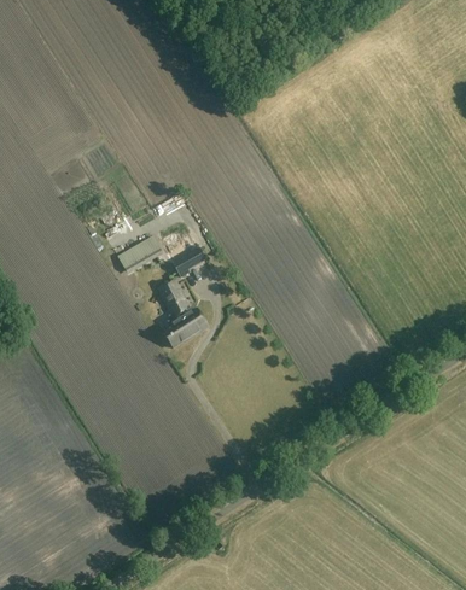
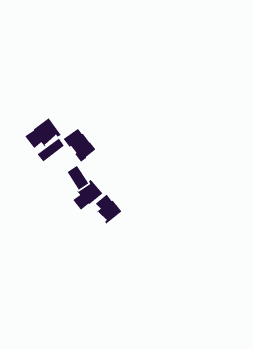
building: none -> [24,117,62,149]
building: none -> [95,193,123,225]

